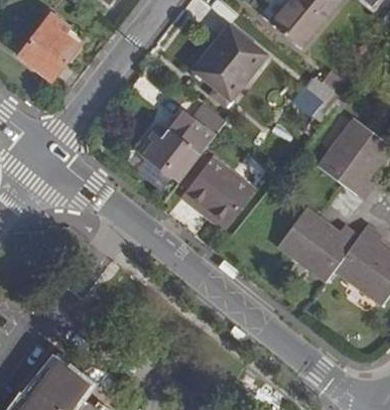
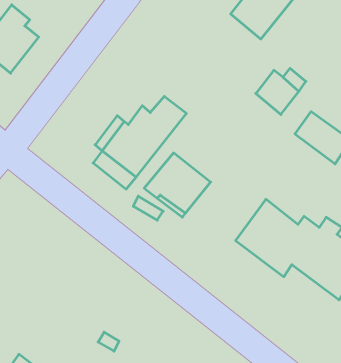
building: [191,25,266,109] -> none
building: [316,141,375,199] -> none

